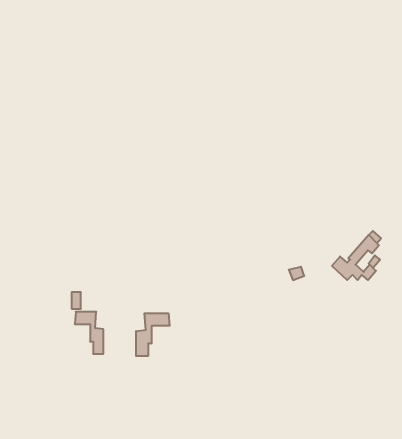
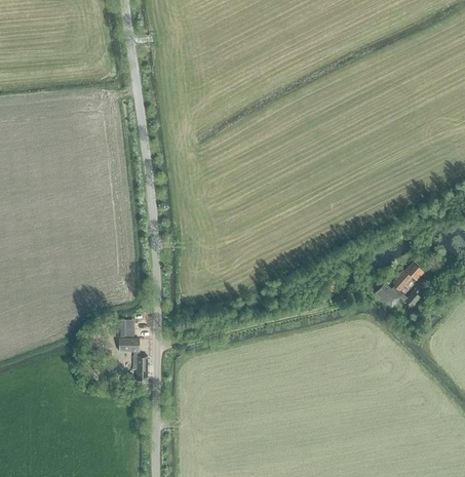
building: [136,313,170,356] -> none

